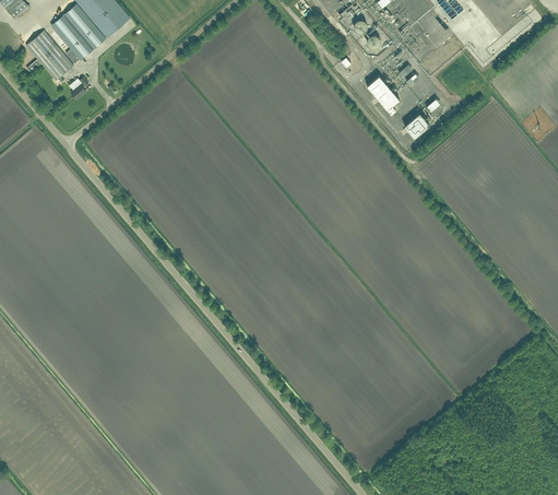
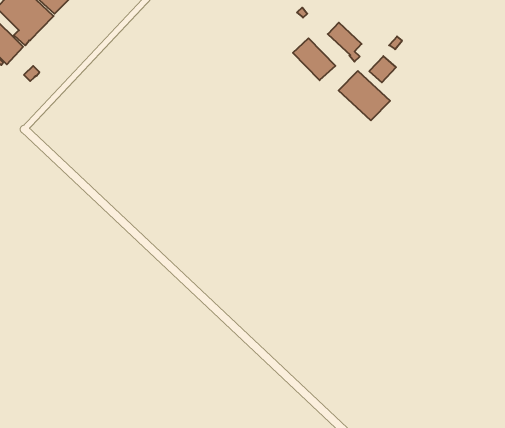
building: none -> [293,38,335,80]
building: none -> [339,71,390,120]

